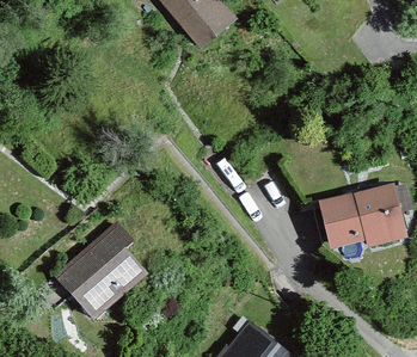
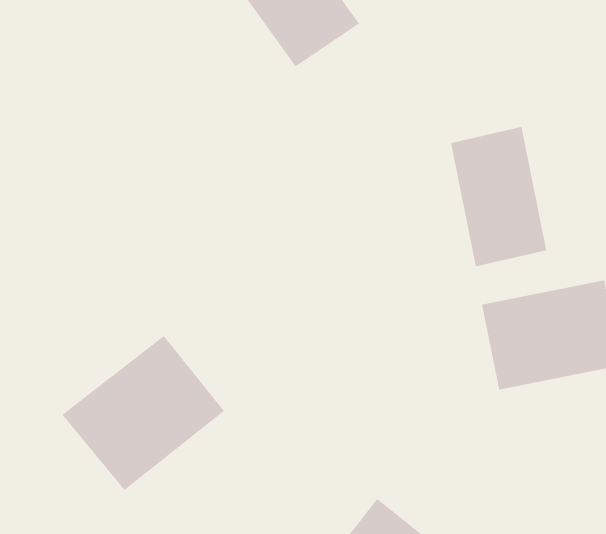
building: none -> [451,126,547,267]

